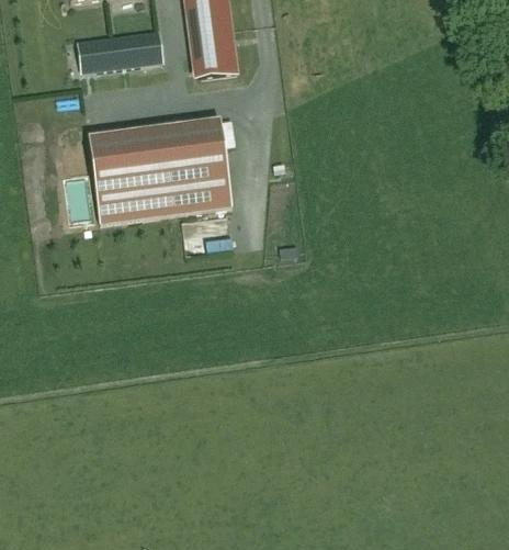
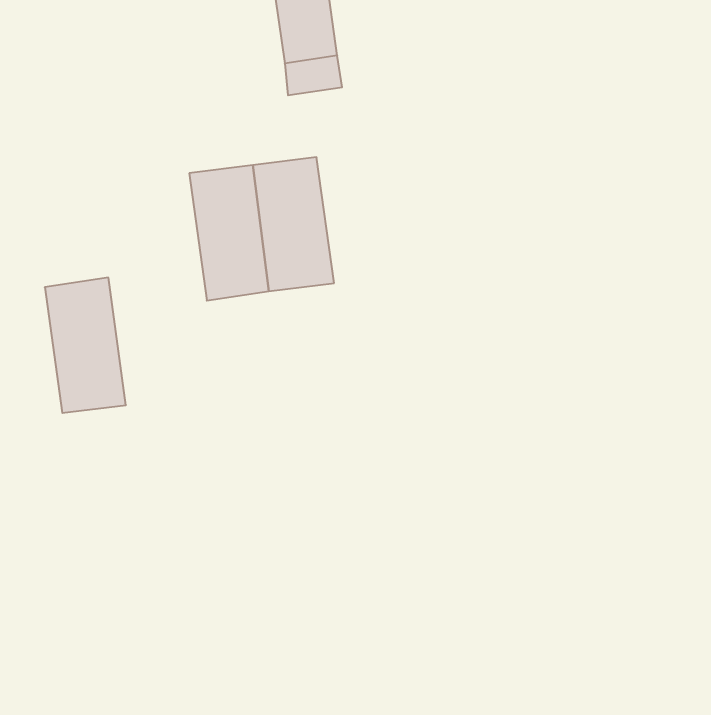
building: [77,30,159,72] -> none
building: [88,130,144,223] -> [45,278,126,413]

